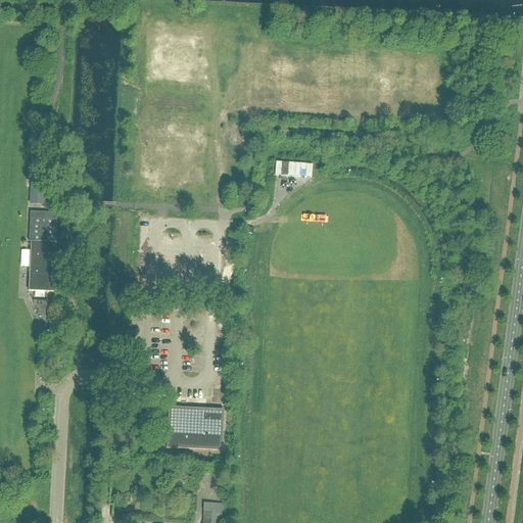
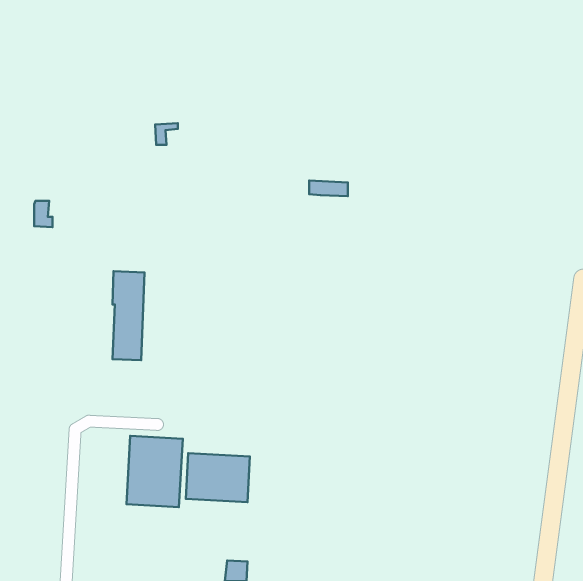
building: [29,210,57,290] -> [112,271,144,360]
building: none -> [126,436,183,507]

